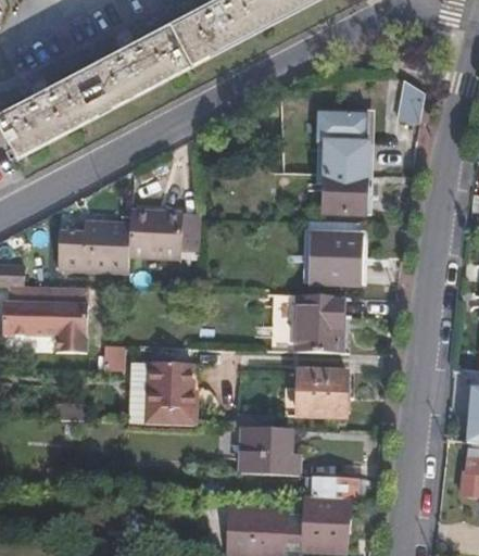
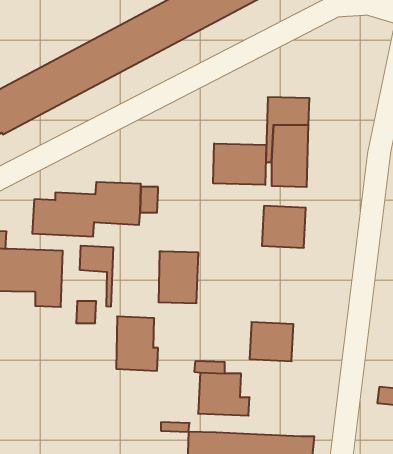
building: [390,87,421,126] -> none
building: none -> [213,143,266,185]
building: none -> [80,246,113,307]
building: [298,295,343,354] -> [158,252,198,303]
building: [307,477,357,501] -> none

